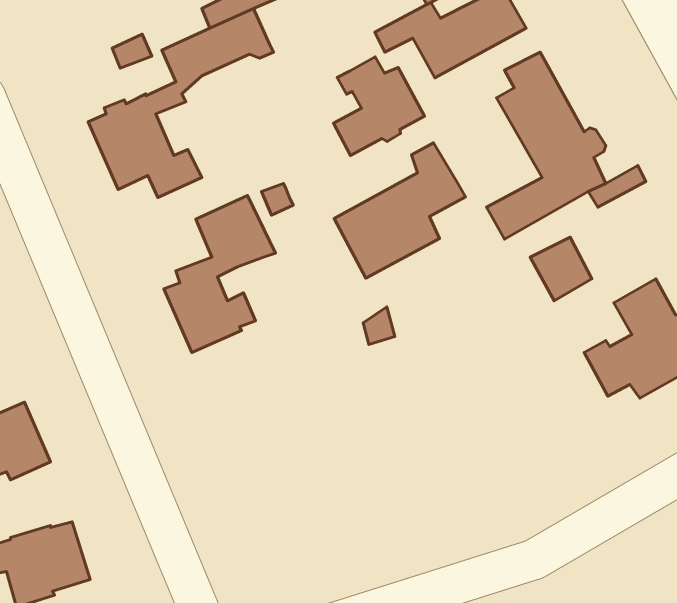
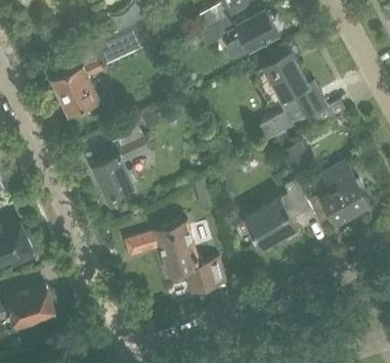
building: [333,57,424,155] -> none
building: [334,143,465,278] -> [245,180,312,249]
building: none -> [126,222,227,294]

